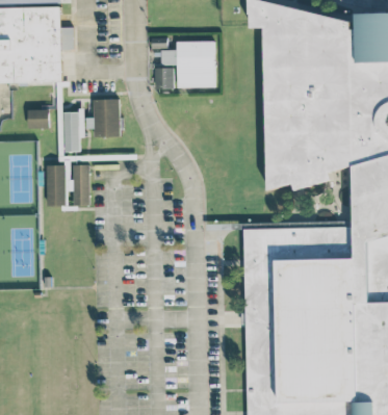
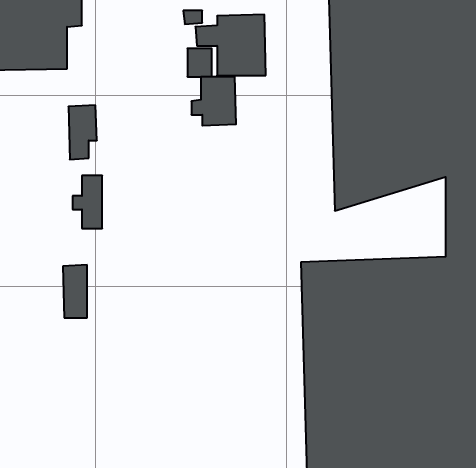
building: [86,99,121,136] -> [191,77,236,126]
building: [28,109,50,128] -> none
building: [47,164,66,205] -> [63,265,87,318]

